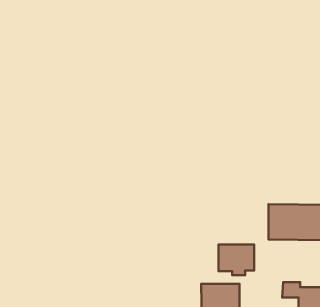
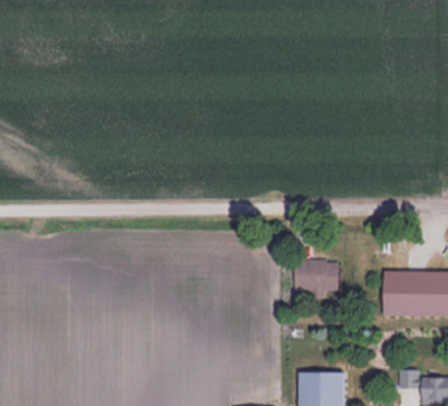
building: [219,245,254,275] -> [294,259,339,298]

